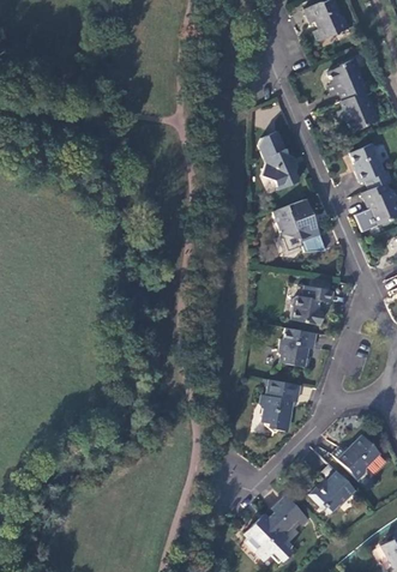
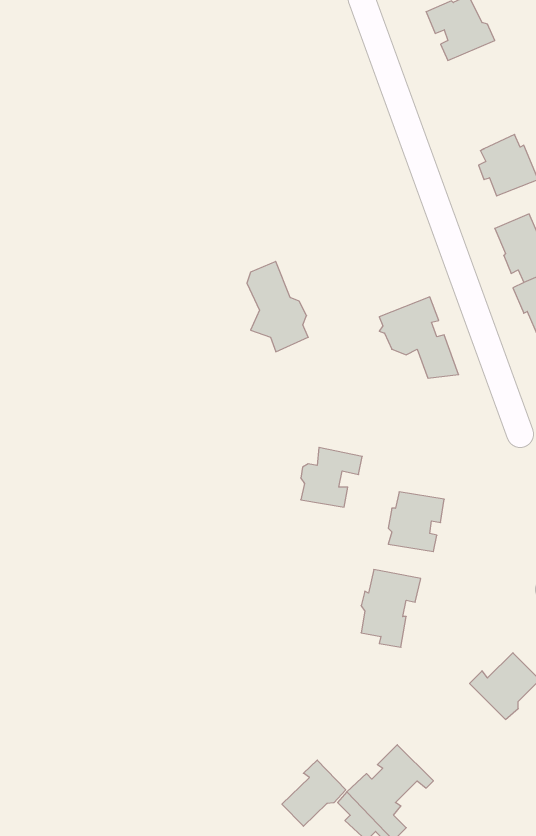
building: [329,58,367,100] -> none
building: [259,130,300,189] -> [247,261,308,352]
building: [293,284,333,324] -> [301,447,362,507]
building: [309,471,355,511] -> none
building: none -> [282,760,346,826]

